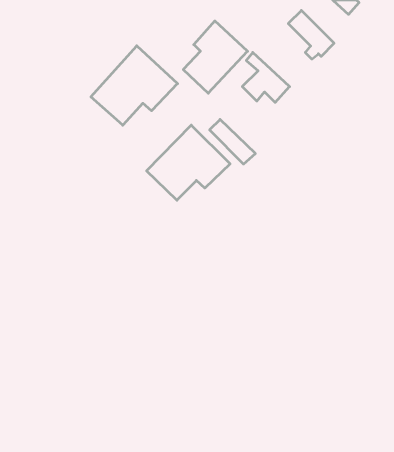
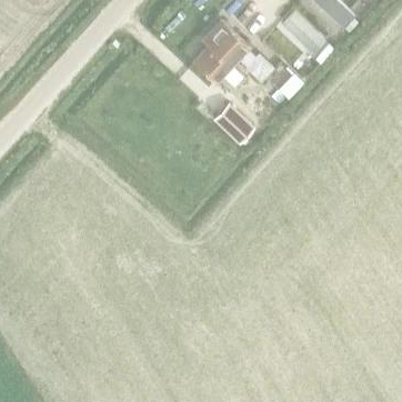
building: [91,46,178,125] -> none
building: [147,125,230,200] -> none

